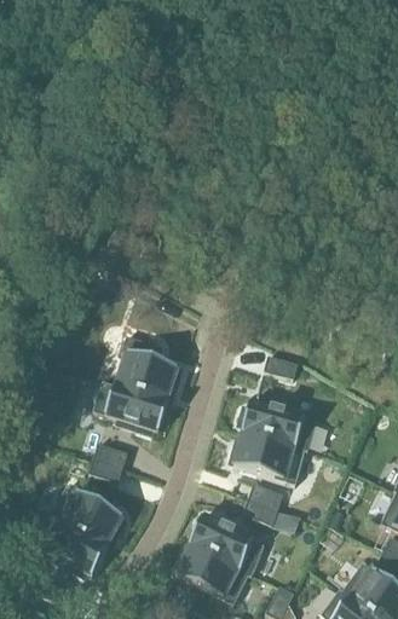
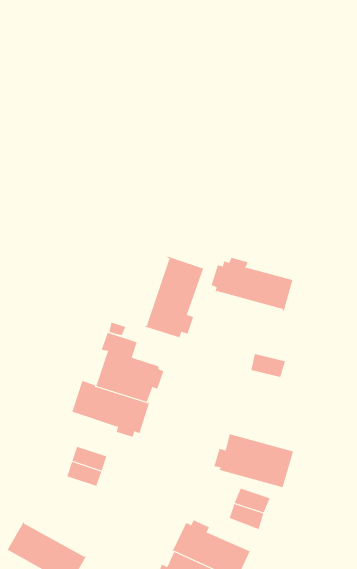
building: none -> [145,256,204,338]
building: [238,398,317,450] -> [211,257,293,312]
building: [50,485,127,548] -> none

